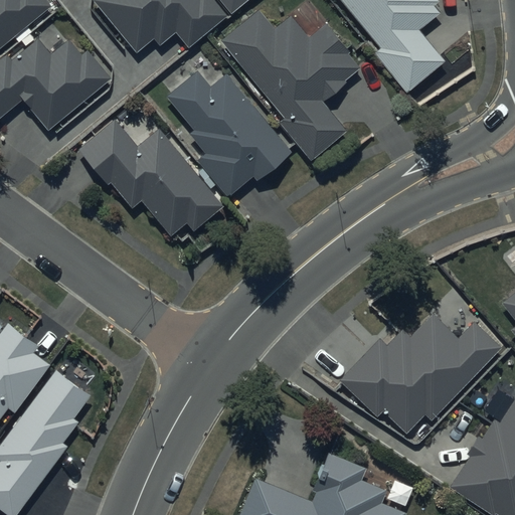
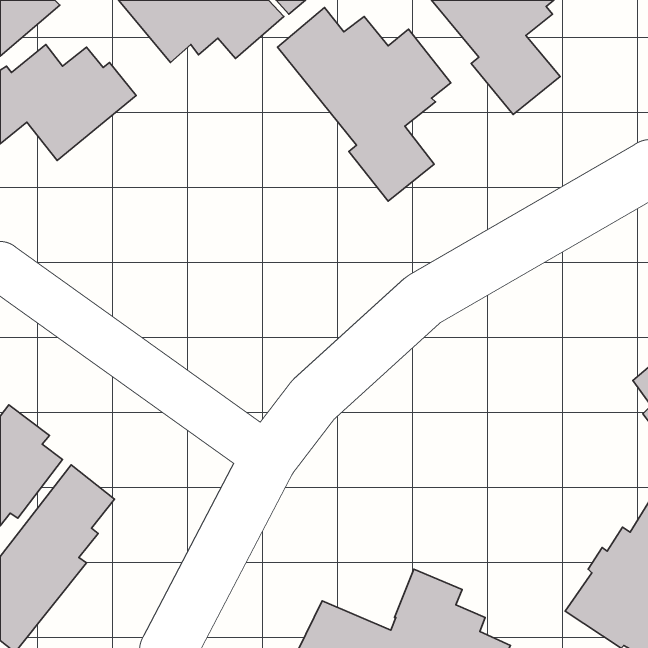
building: [166,69,291,196] -> none
building: [79,120,221,235] -> none
building: [340,312,501,433] -> none

